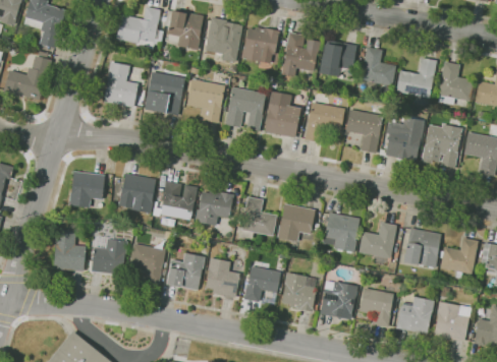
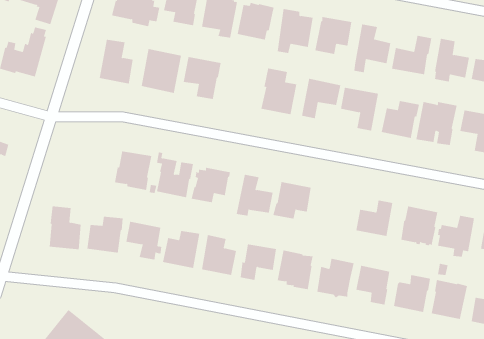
building: [226,86,266,130] -> none
building: [69,171,106,206] -> none
building: [324,212,361,253] -> none

